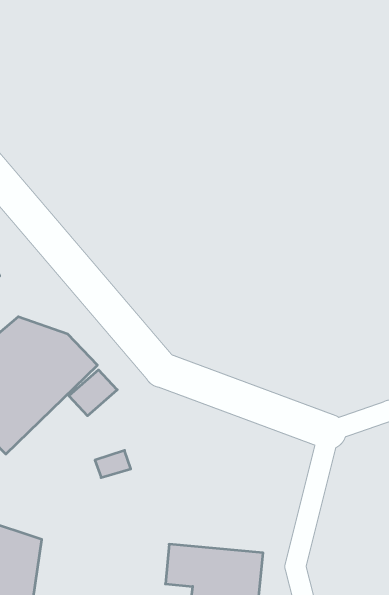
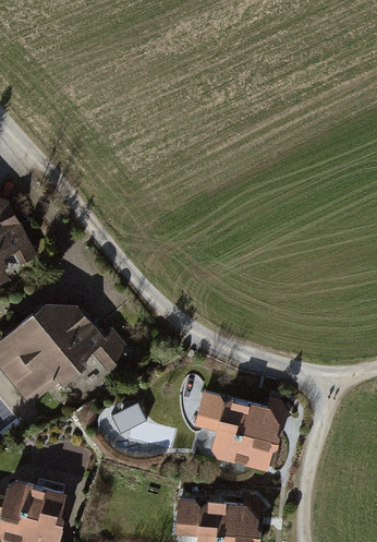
building: none -> [199,385,283,461]

